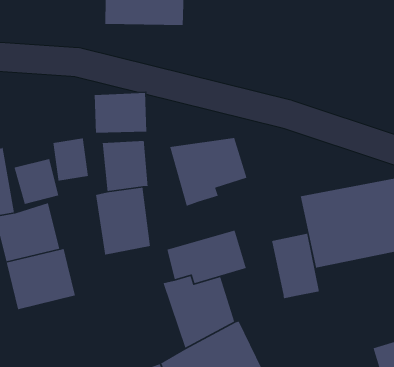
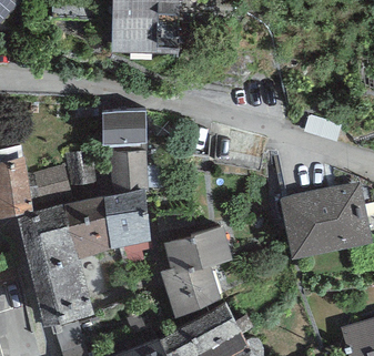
building: [169,137,247,207] -> none
building: none -> [63,197,111,257]
building: [271,233,320,299] -> none
building: none -> [37,284,95,328]

